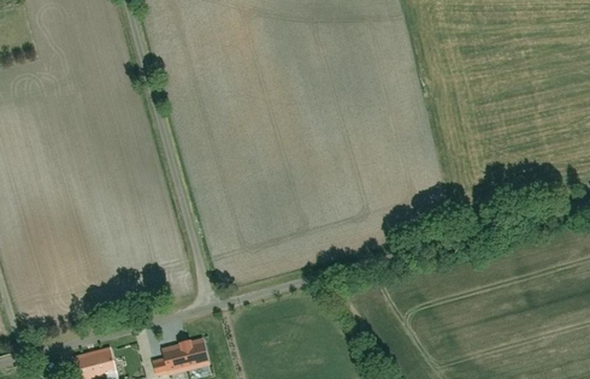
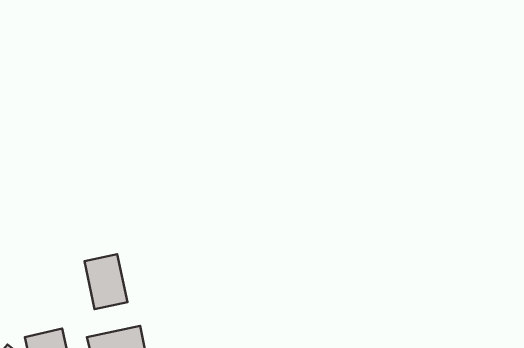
building: none -> [85,254,127,309]

